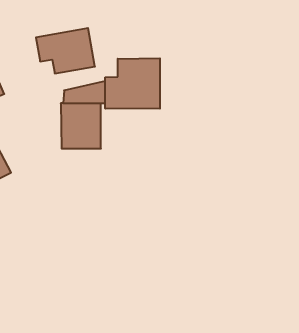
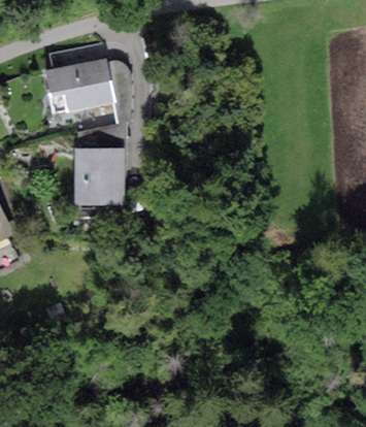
building: [105,58,160,109] -> none

